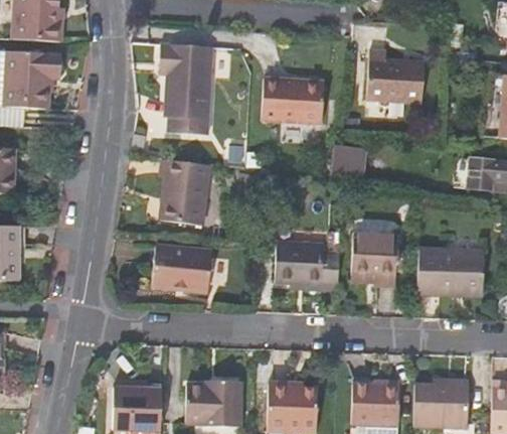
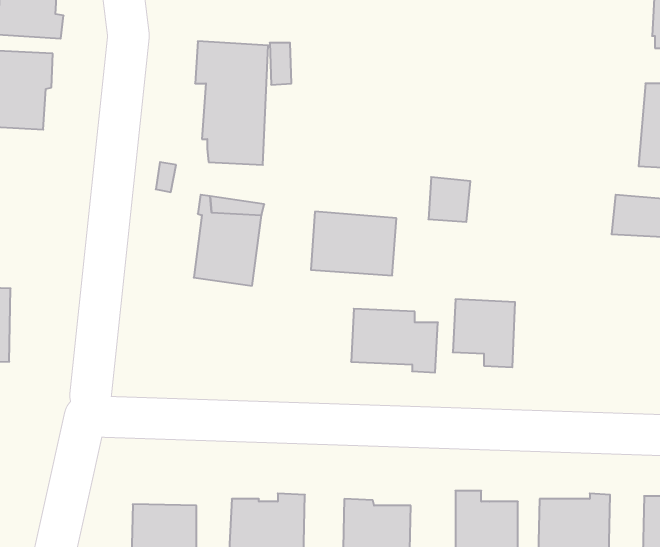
building: [367,52,426,107] -> none
building: [262,78,325,125] -> [311,212,396,275]
building: [151,244,211,292] -> none
building: [415,250,484,293] -> none

